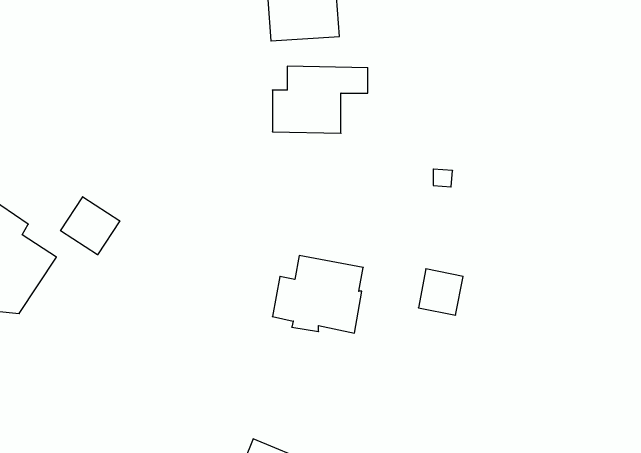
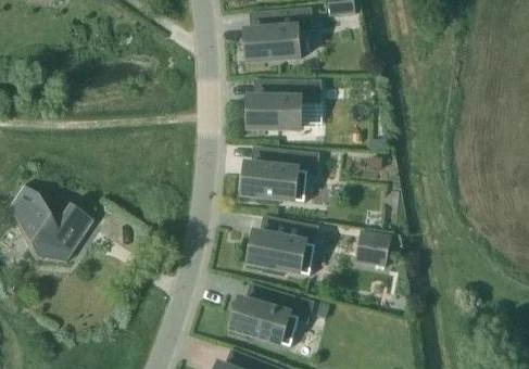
building: none -> [241,150,315,204]
building: [61,197,120,255] -> none
building: none -> [230,287,308,347]

